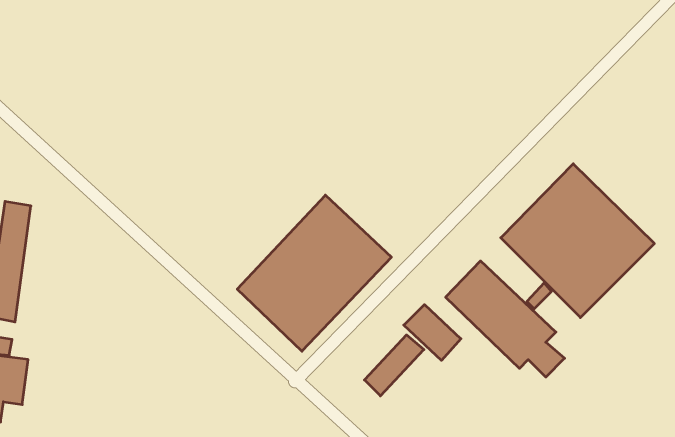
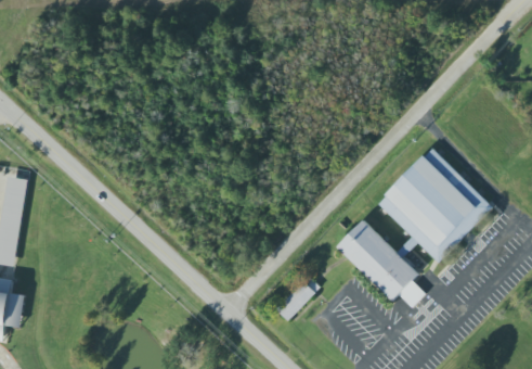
building: [237,195,391,351] -> none
building: [404,305,461,360] -> none

